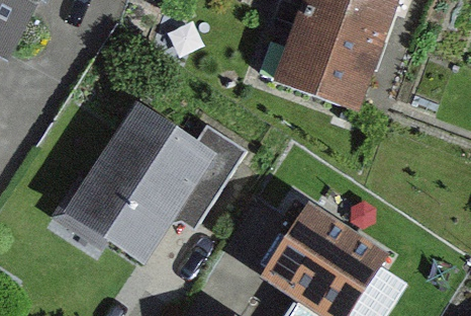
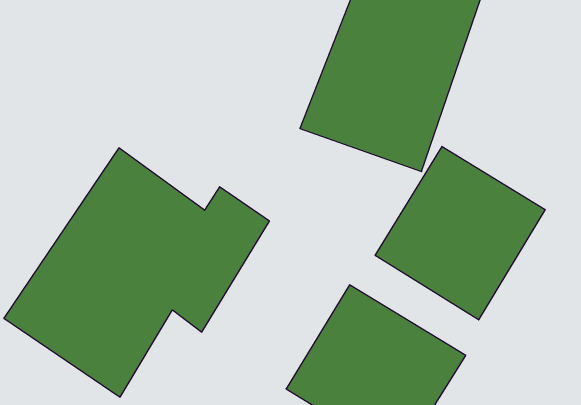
building: none -> [375,146,545,320]

